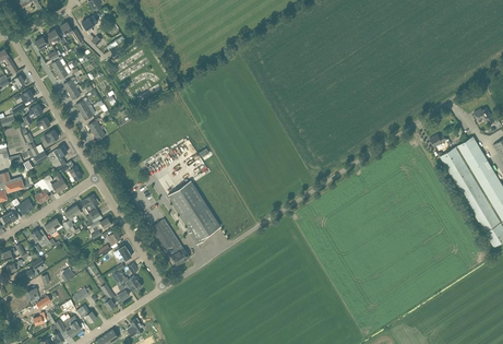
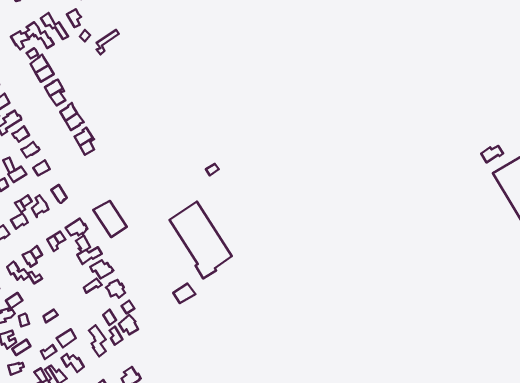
building: [151,220,179,250] -> [93,201,127,237]

